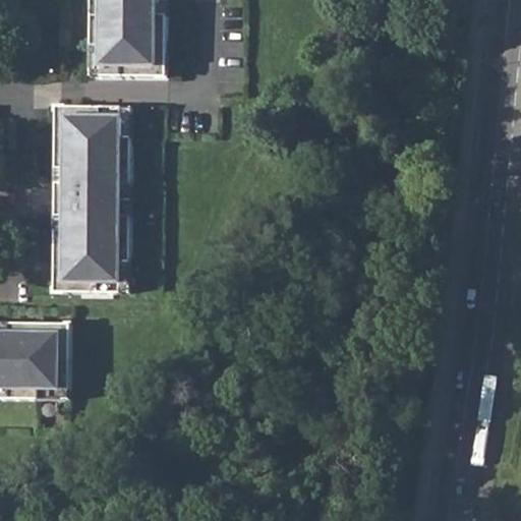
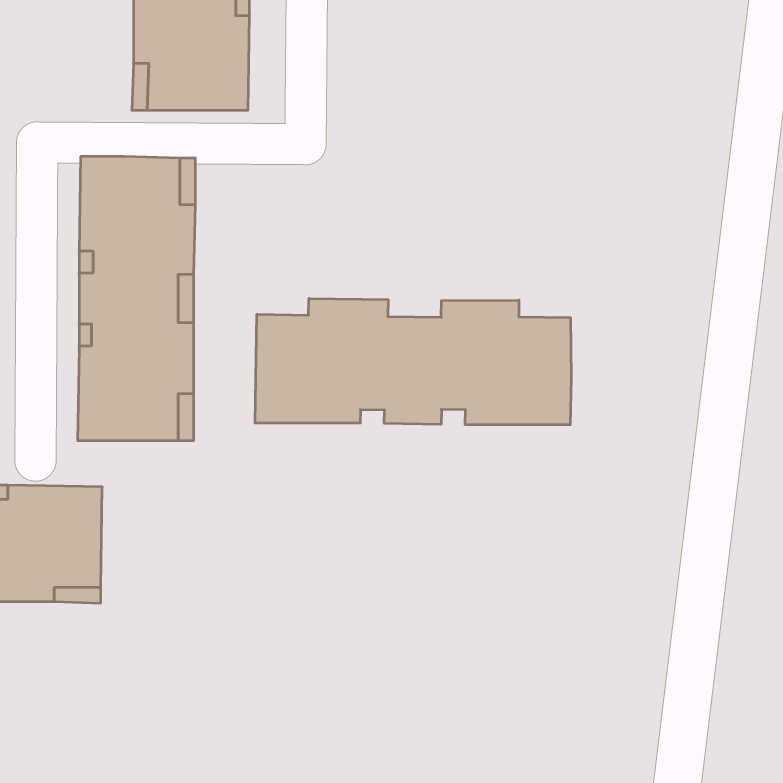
building: none -> [255,298,571,425]

